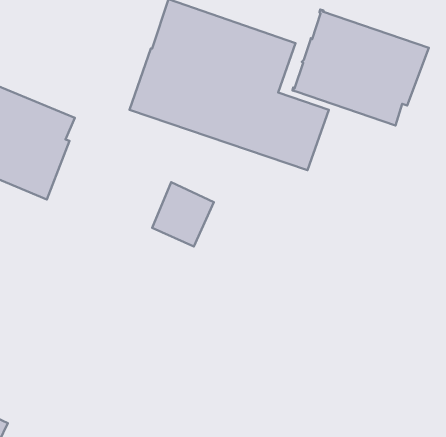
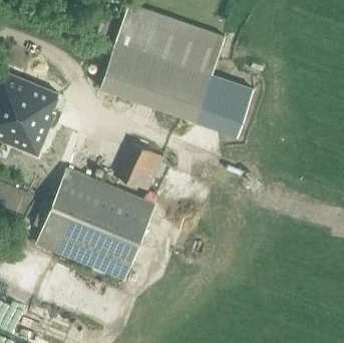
building: [293,10,429,126] -> none
building: none -> [36,167,156,281]

